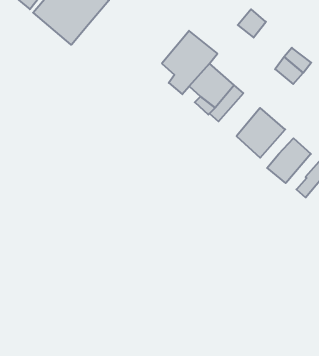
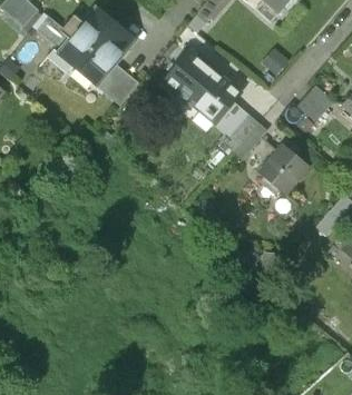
building: none -> [162,49,213,101]
building: none -> [95,62,138,105]
building: [267,138,311,183] -> none

